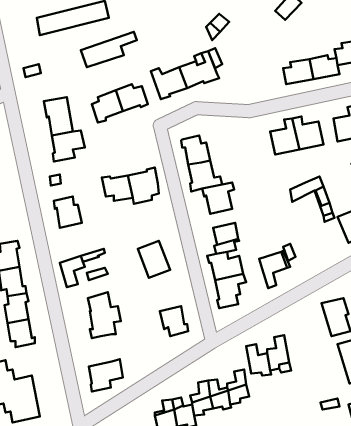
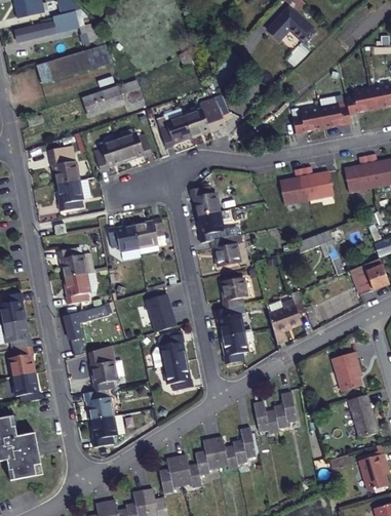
building: none -> [64,274,97,307]
building: none -> [154,333,188,367]
building: none -> [86,391,117,422]

